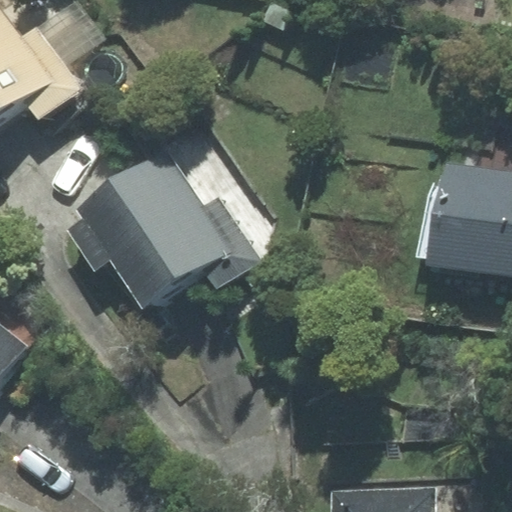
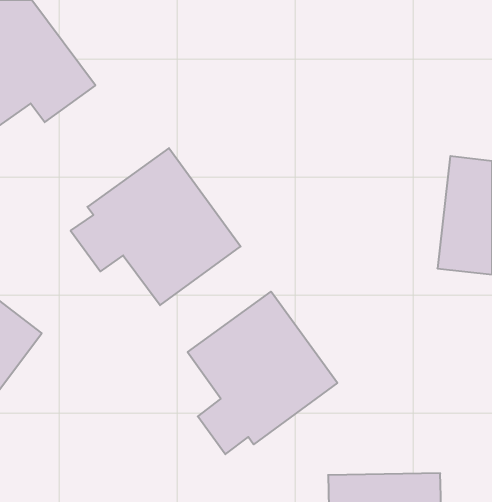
building: none -> [188,292,337,454]

